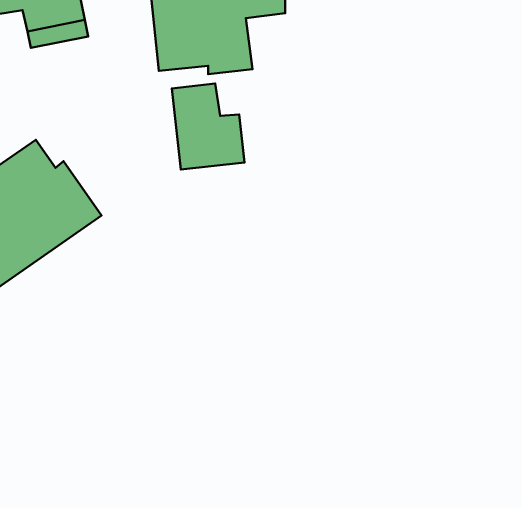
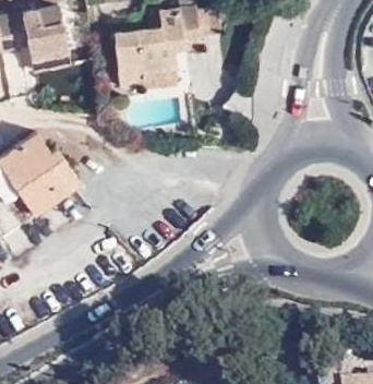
building: [172,83,245,169] -> none

